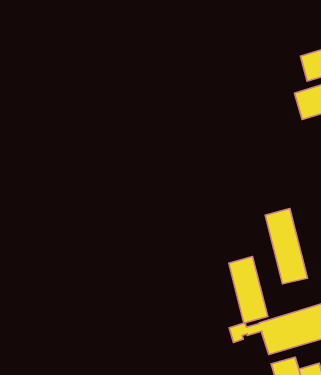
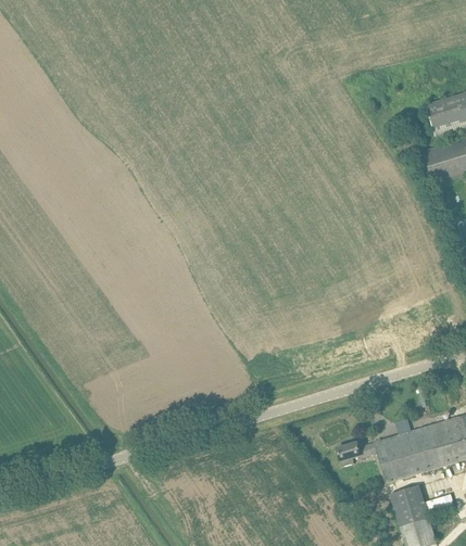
building: [265,209,308,284] -> none
building: [229,256,268,323] -> none

